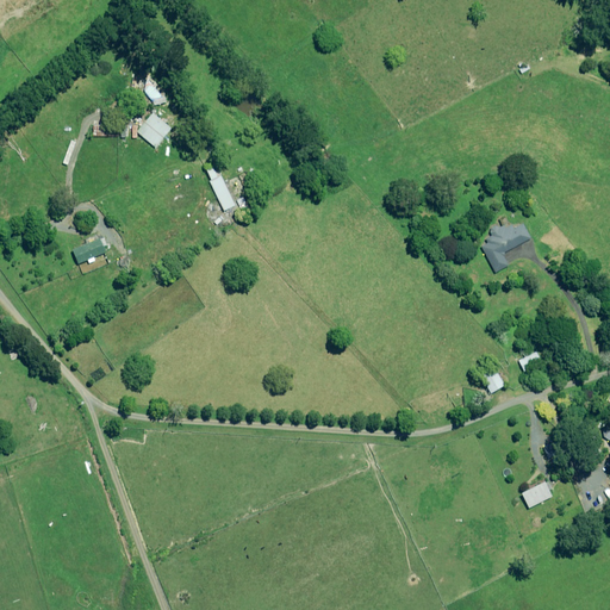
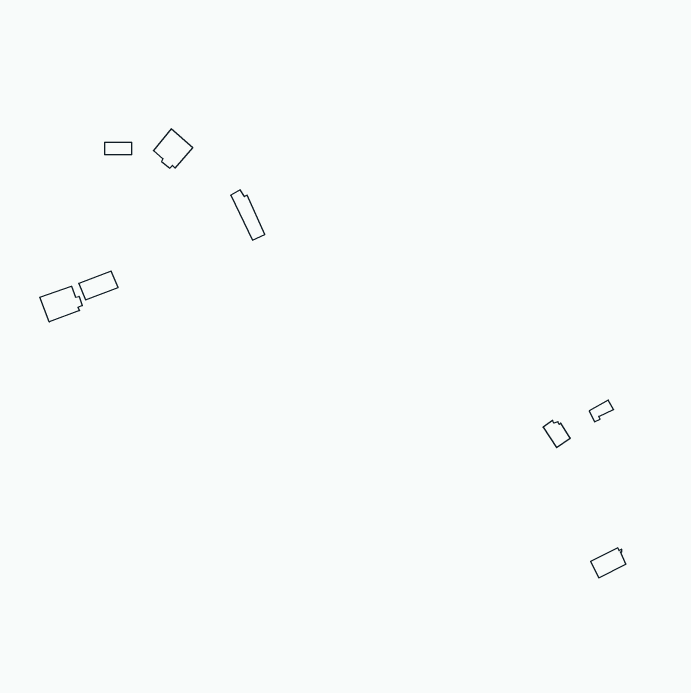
building: [481,224,531,273] -> none
building: none -> [40,286,82,322]

